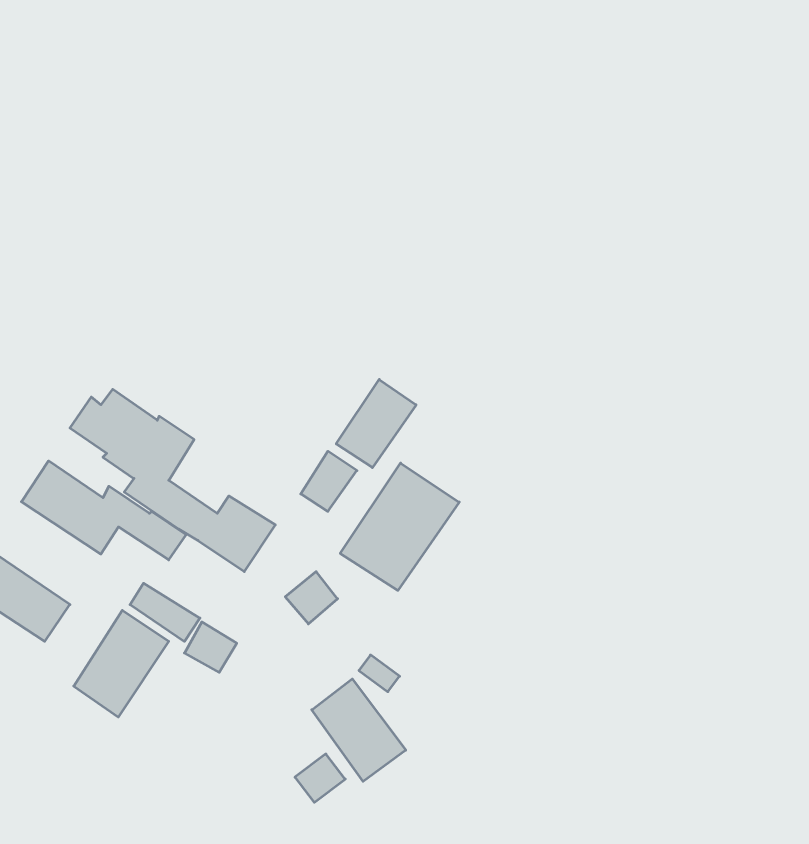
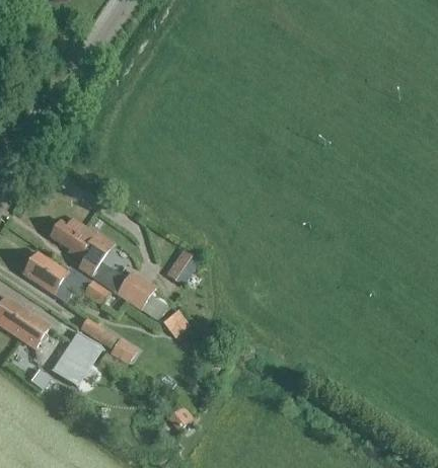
building: [336,379,416,468] -> none
building: [340,463,459,590] -> none
building: [312,679,406,781] -> none

